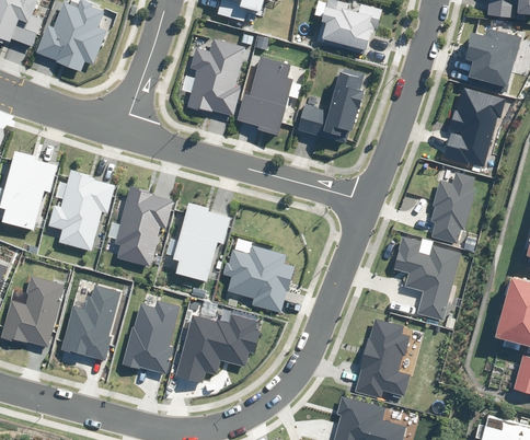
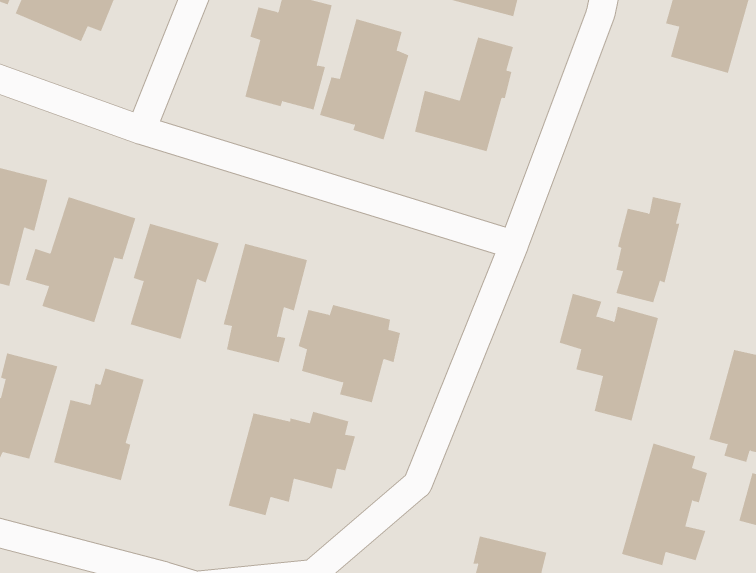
building: [442,88,507,167] -> none
building: [122,300,180,373] -> none
building: [355,317,412,398] -> [621,443,708,566]

